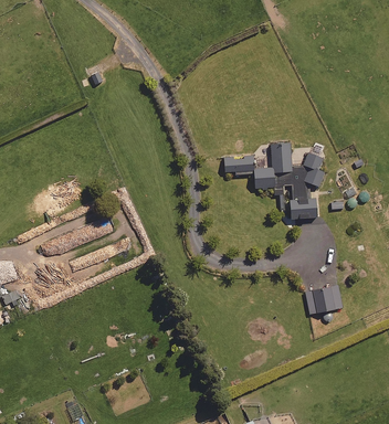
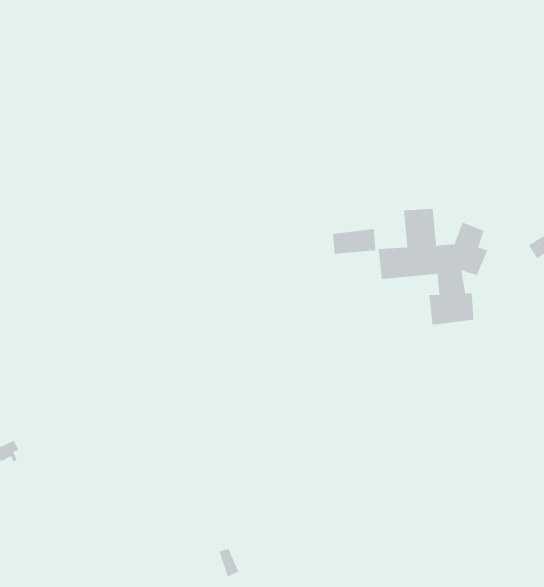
building: [304,285,340,312] -> none

